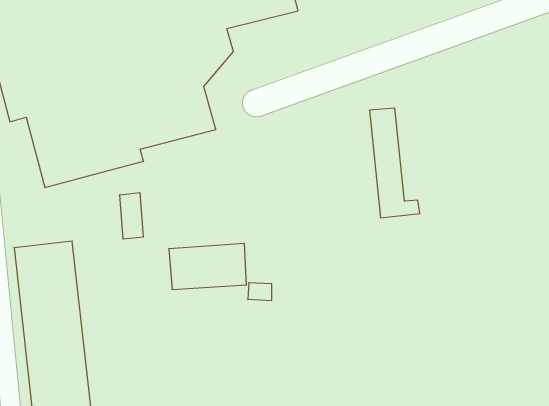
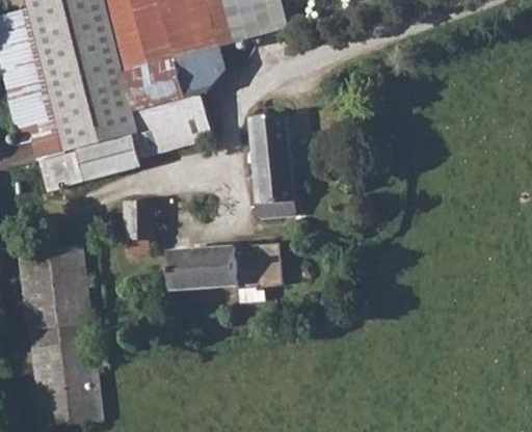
building: [369,108,420,218] -> [248,114,296,218]
building: none -> [245,242,285,281]

